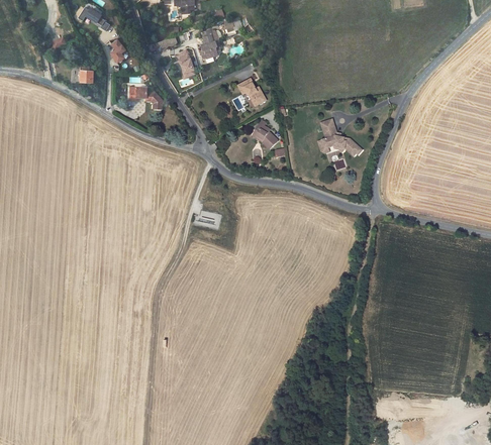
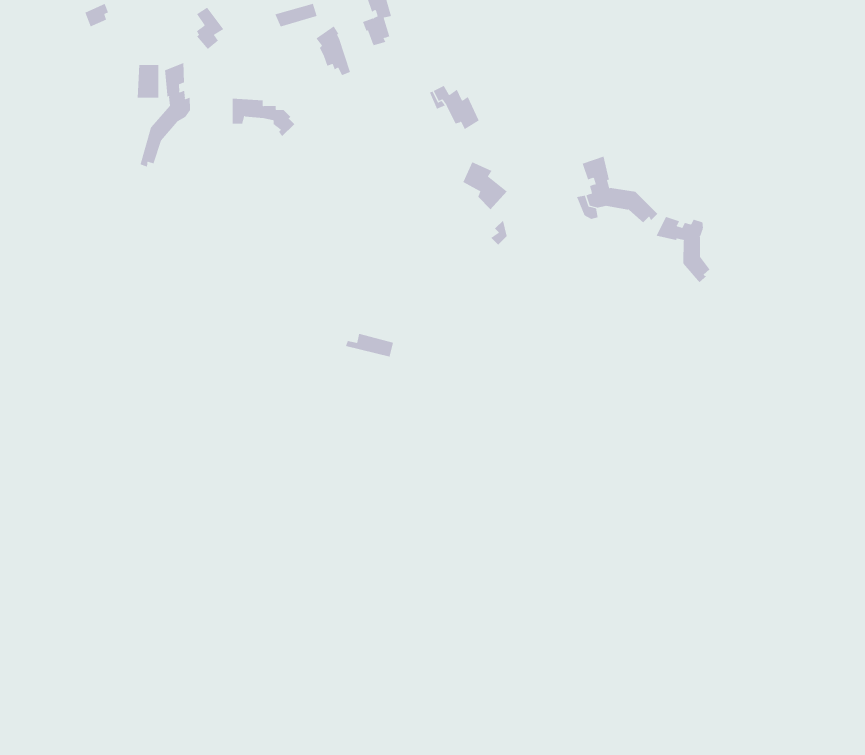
building: none -> [140,62,191,167]
building: none -> [656,216,710,283]

